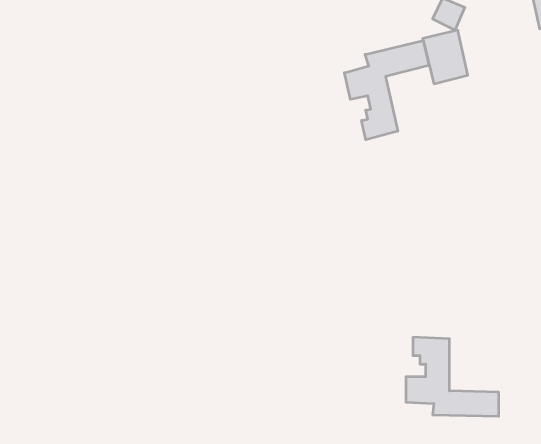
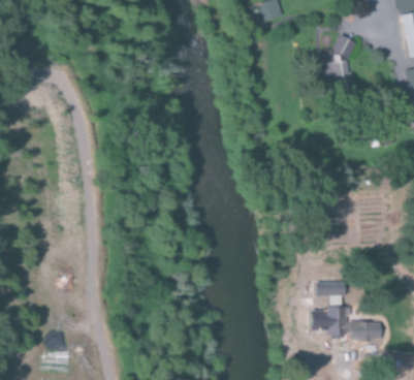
building: [344,40,429,140] -> none

